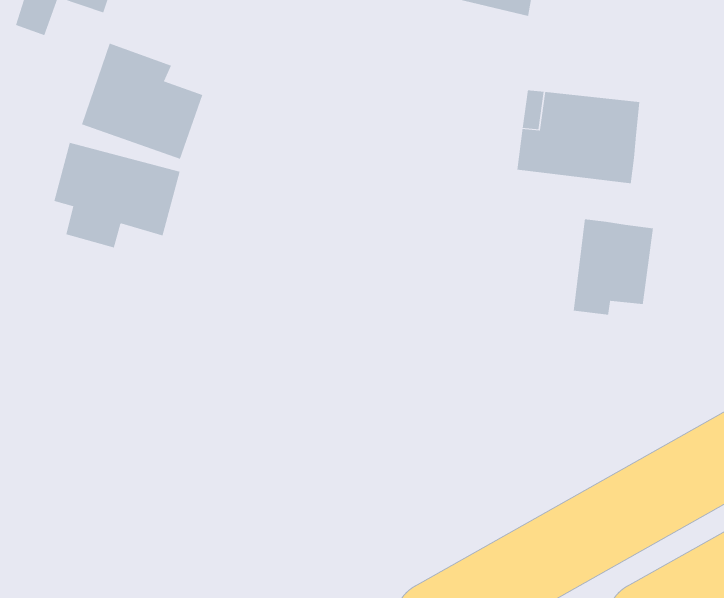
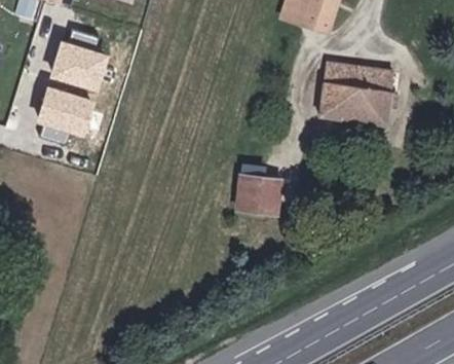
building: [573,219,653,315] -> none
building: none -> [236,159,278,211]

